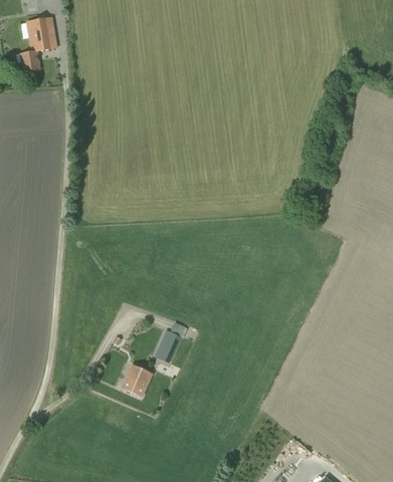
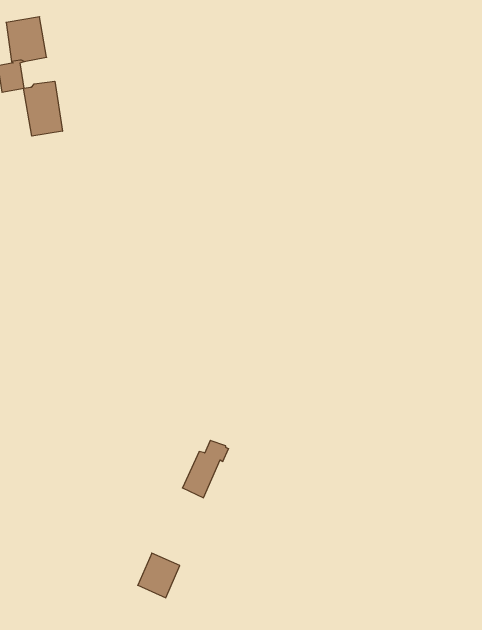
building: none -> [23,81,62,136]
building: [122,364,152,396] -> [138,553,180,598]

